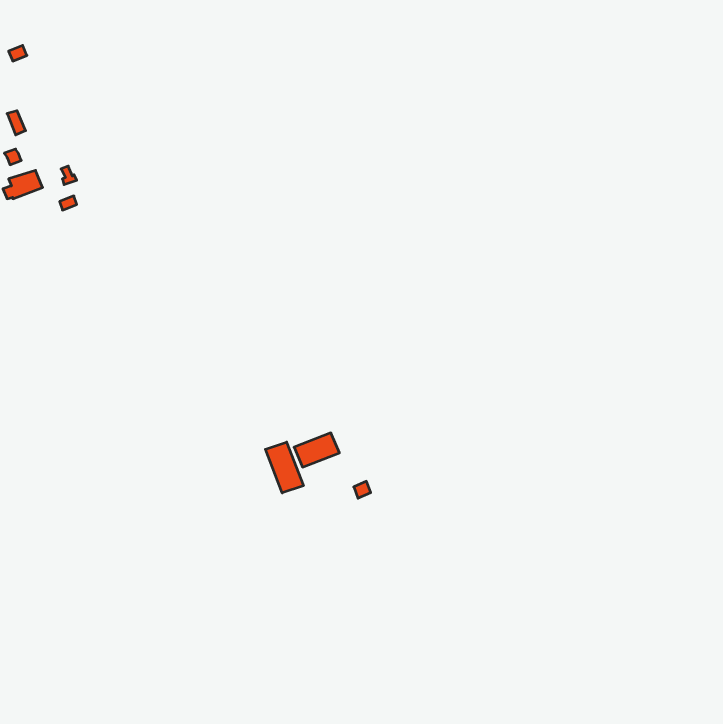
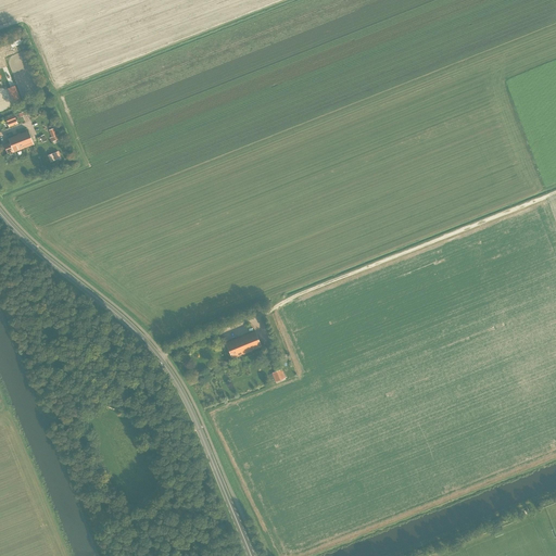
building: [265,442,303,493] -> none

